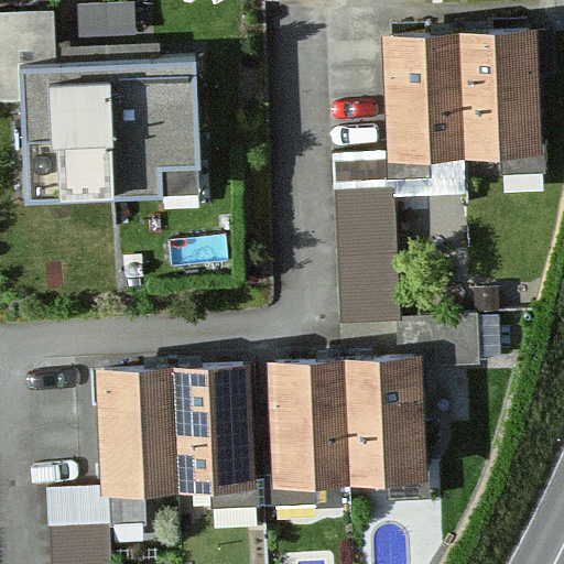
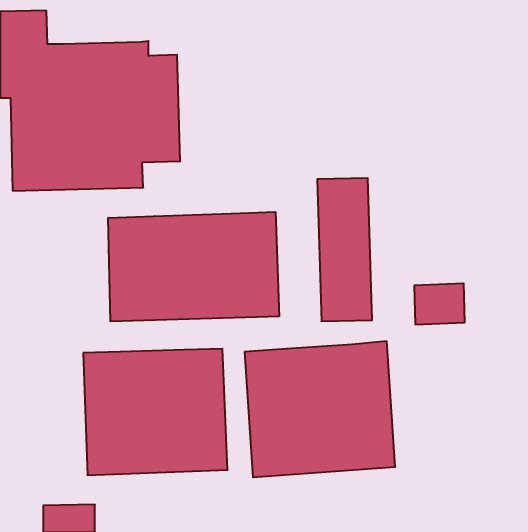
building: [380,33,540,165] -> none
building: none -> [108,212,279,321]

